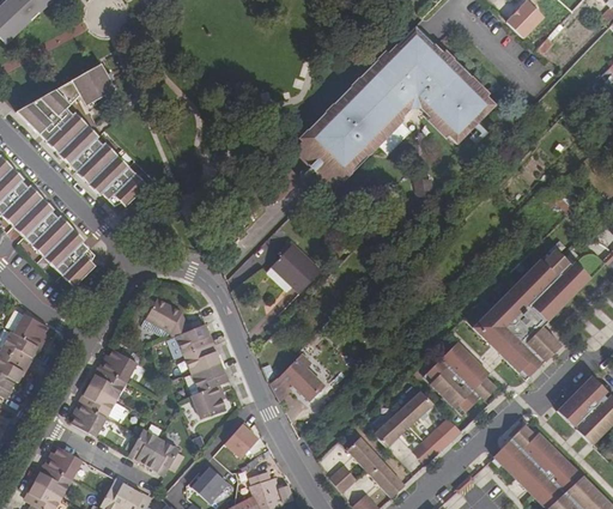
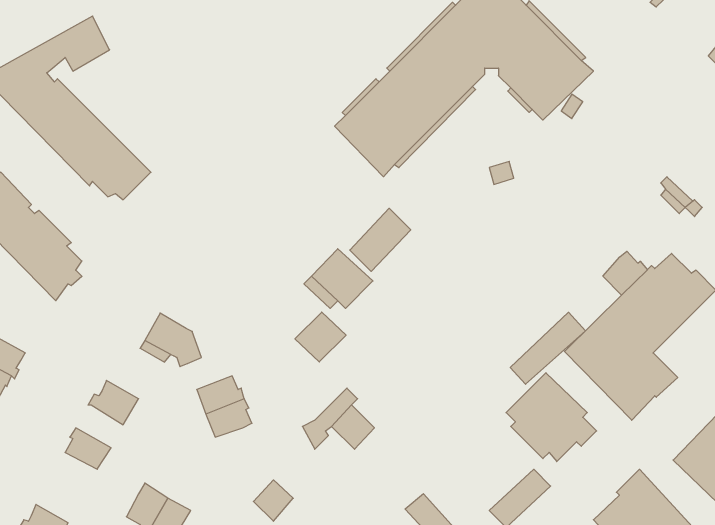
building: none -> [350,208,411,271]
building: none -> [603,251,647,295]
building: none -> [295,312,346,362]
building: [176,322,211,355] -> none
building: [89,366,126,400] -> none
building: [189,384,224,417] -> none
building: [374,389,432,446] -> [510,312,585,384]
building: [71,401,105,436] -> none

